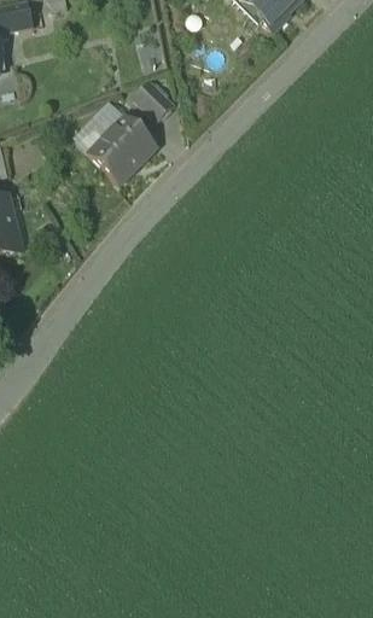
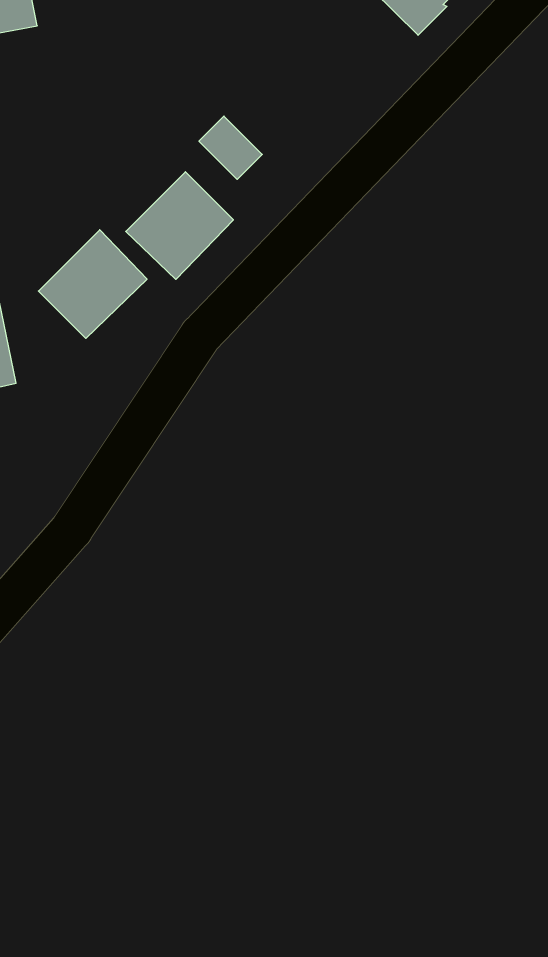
building: none -> [38,230,147,338]

